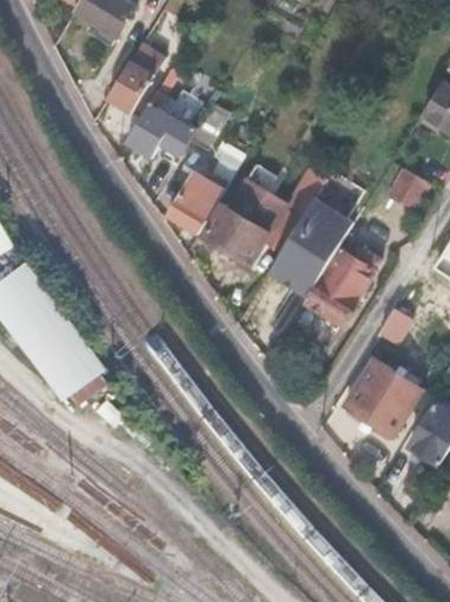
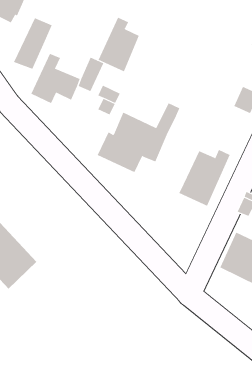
building: none -> [98,17,140,72]
building: [163,173,221,236] -> none
building: [267,197,354,297] -> none

